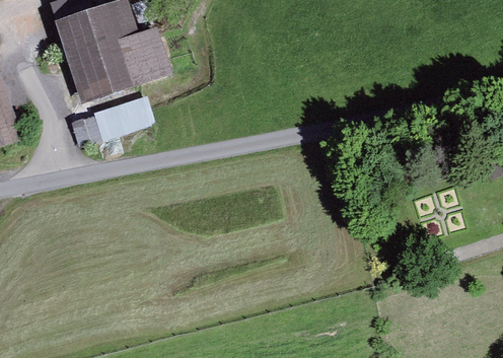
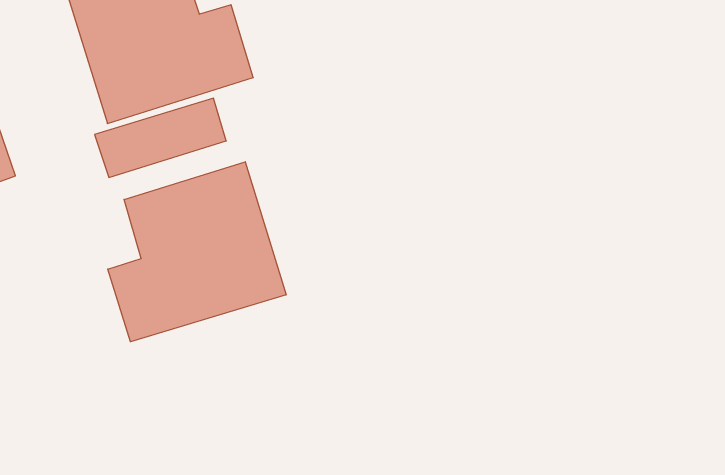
building: none -> [108,162,286,342]

